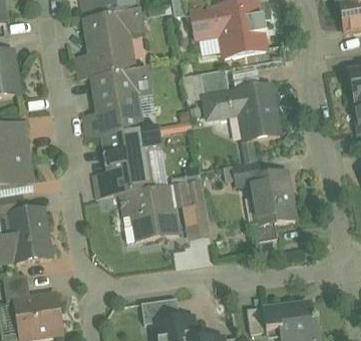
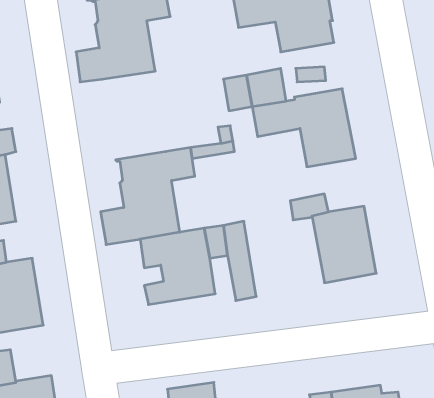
building: [83,67,152,138] -> none

